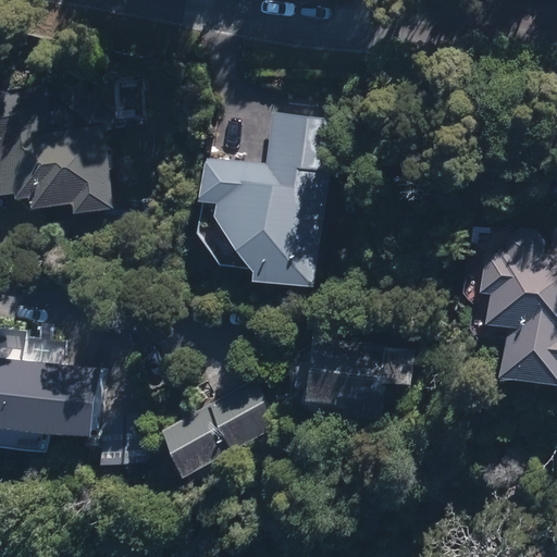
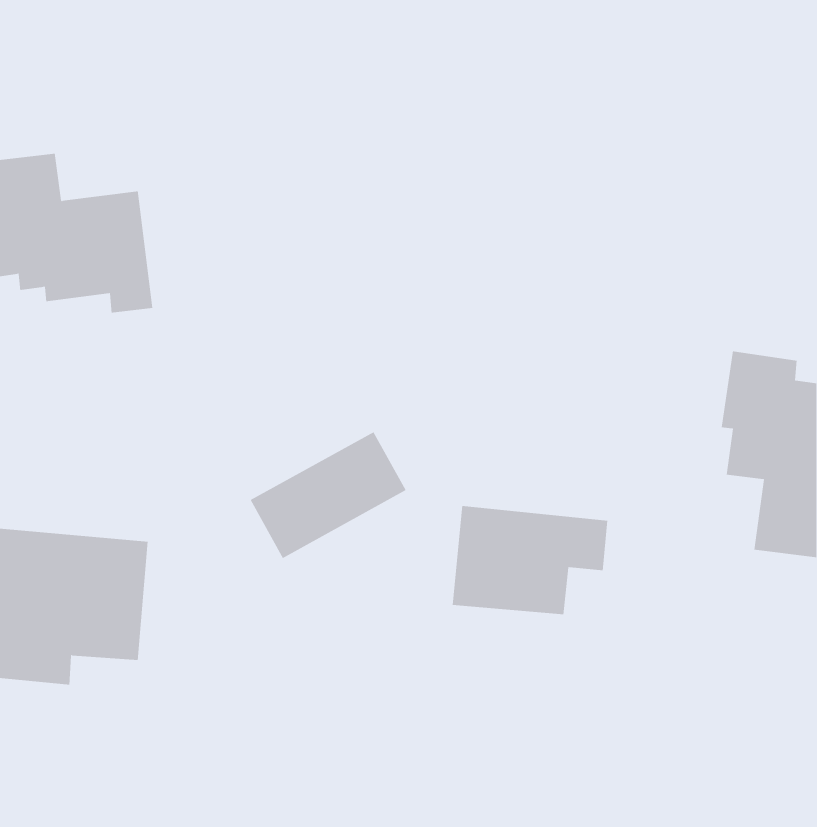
building: [216,123,323,284] -> none
building: [164,388,269,473] -> [250,431,406,559]

